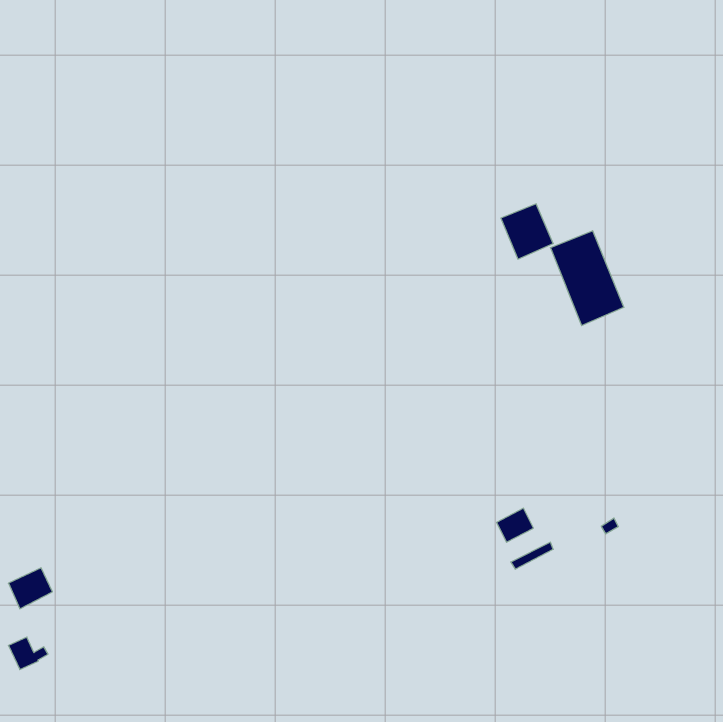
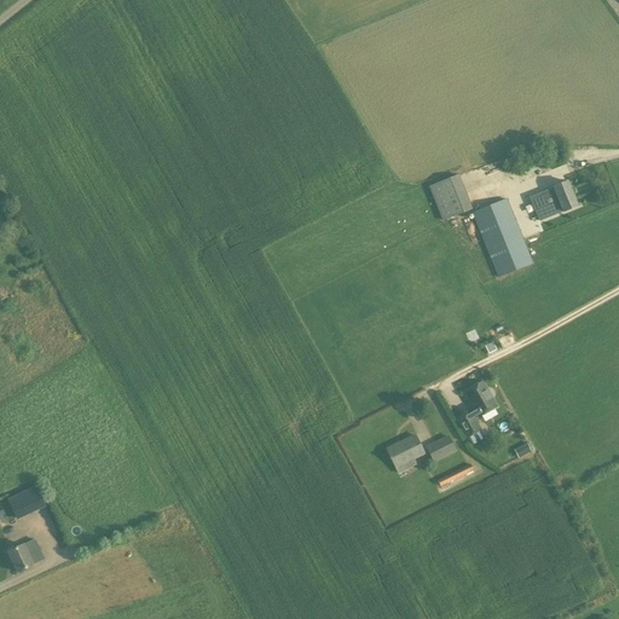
building: none -> [528,180,579,220]
building: none -> [455,381,497,438]
building: none -> [386,434,424,469]

